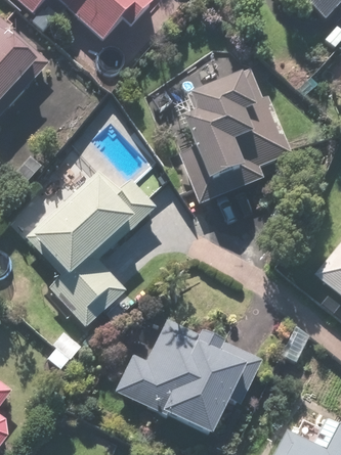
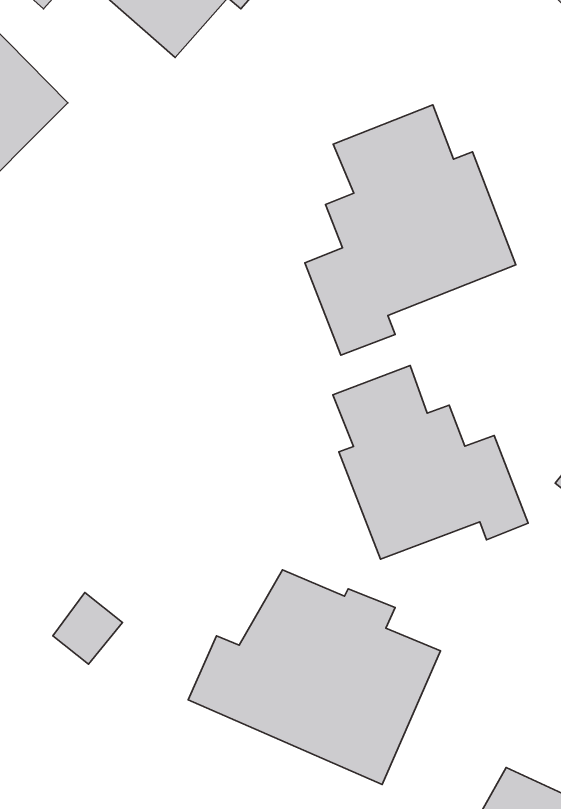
building: [27,171,159,328] -> none
building: none -> [333,366,528,559]

